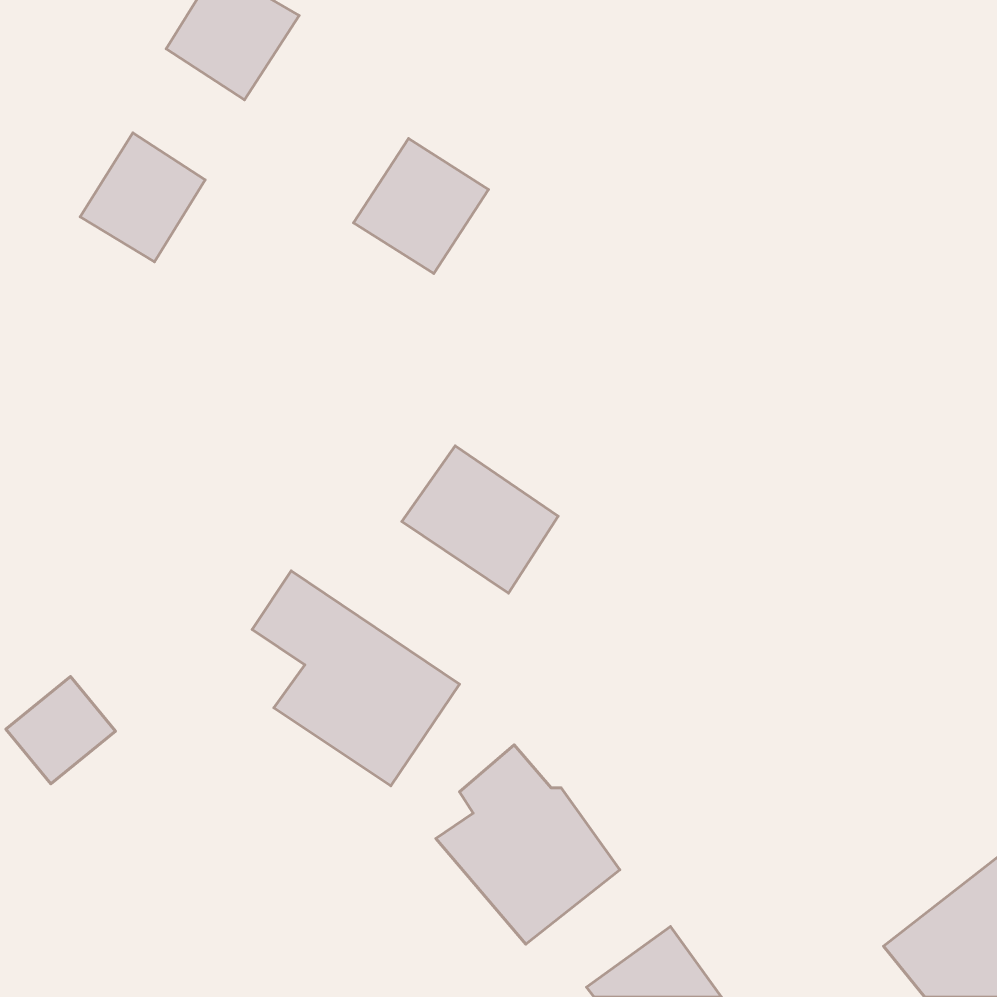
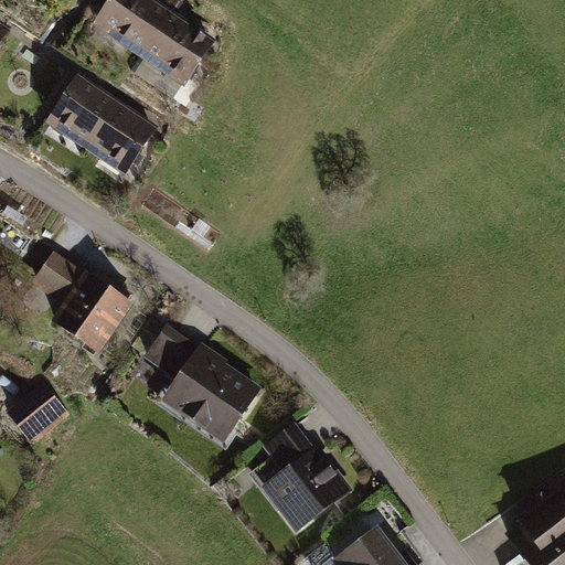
building: [354,139,489,274] -> [139,9,215,85]
building: none -> [88,102,156,172]
building: none -> [29,250,132,355]
building: [402,446,558,593] -> none

